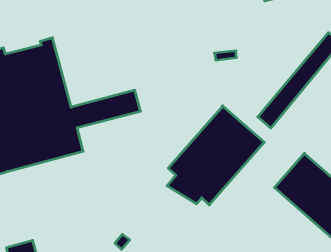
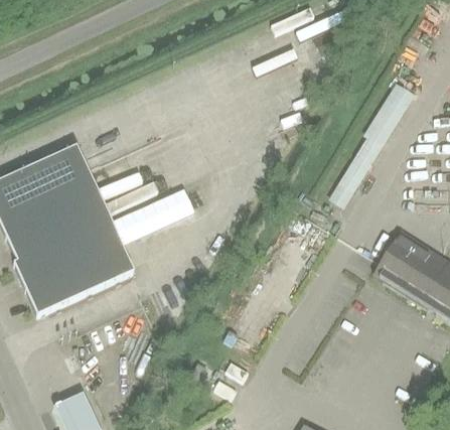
building: [167,106,264,205] -> none

